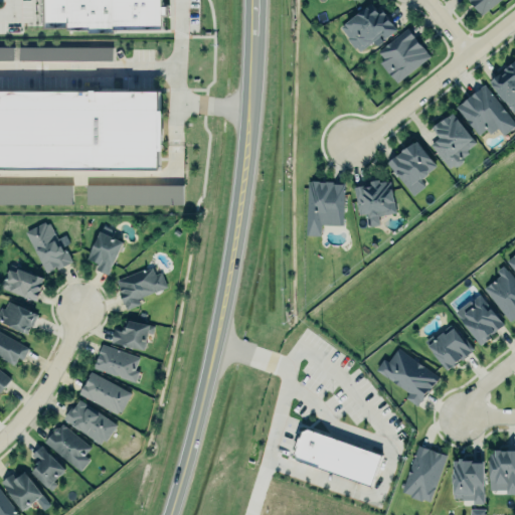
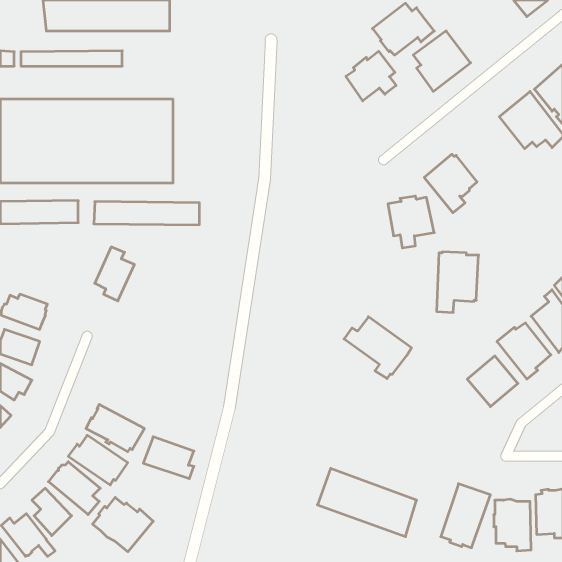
building: none -> [346,51,396,101]
building: [430,114,477,170] -> none
building: [307,181,345,236] -> [437,252,479,312]
building: [26,223,73,274] -> none
building: [117,269,167,310] -> none
building: [112,318,156,349] -> none
building: [94,345,140,383] -> [143,437,194,479]
building: [378,348,440,404] -> [344,317,411,379]
building: none -> [93,497,153,552]

